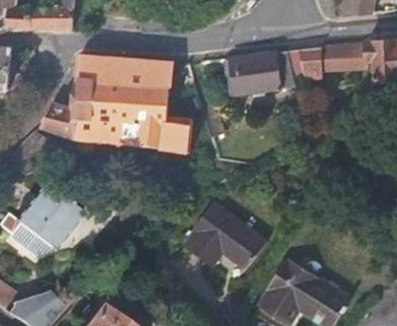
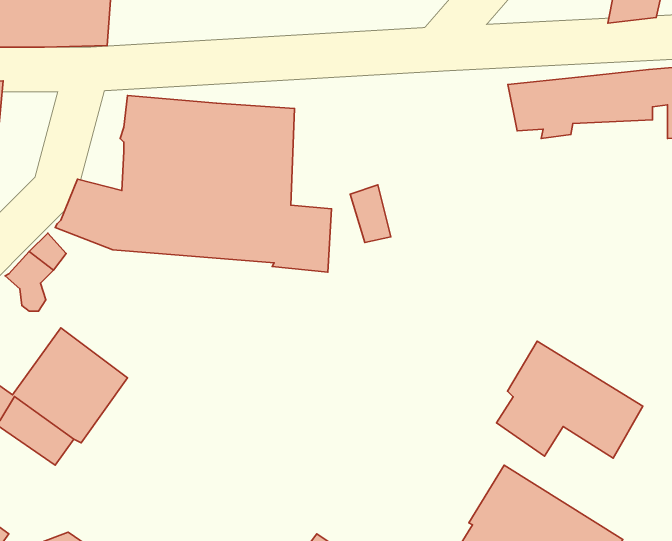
building: [224,50,295,95] -> none
building: [182,213,262,277] -> [496,341,643,458]

